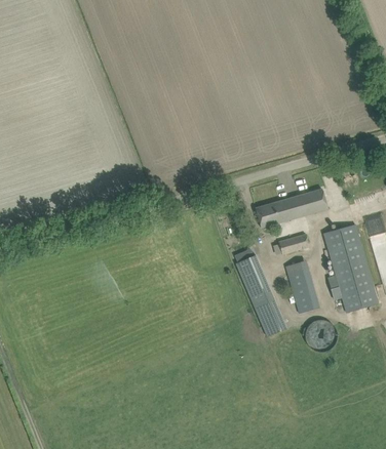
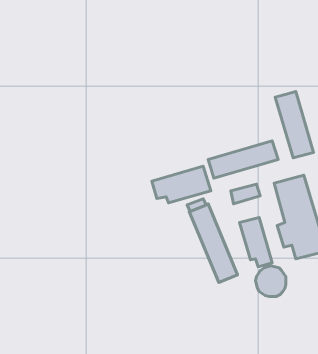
building: none -> [275,92,313,158]
building: none -> [152,166,211,203]

